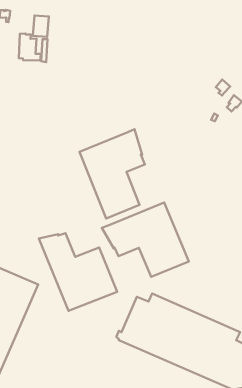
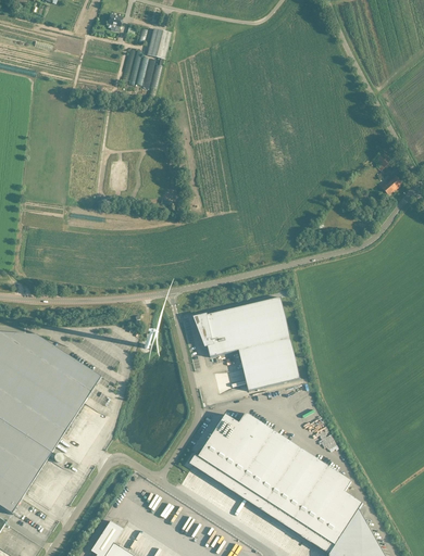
building: [79,129,145,219] -> none
building: [39,233,117,311] -> none

